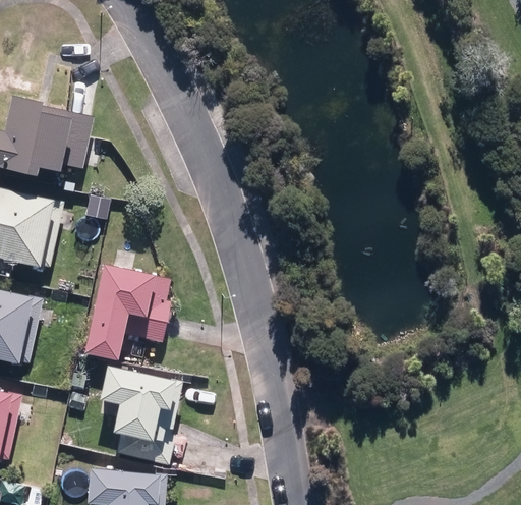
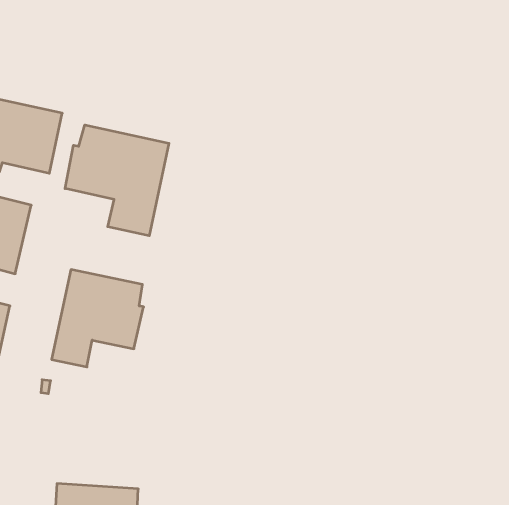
building: none -> [65,125,169,236]
building: [96,367,180,464] -> none

